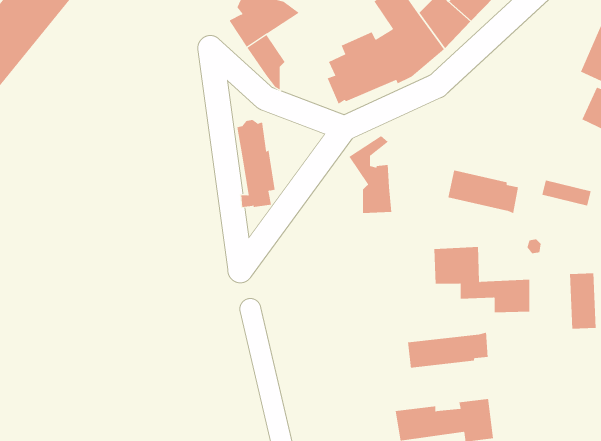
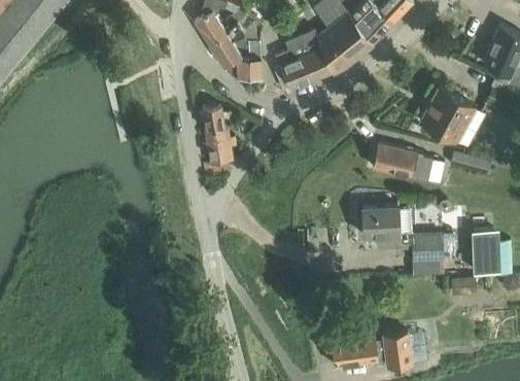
building: none -> [420,88,486,147]
building: [348,136,392,214] -> [226,15,262,79]
building: [408,332,488,369] -> none

